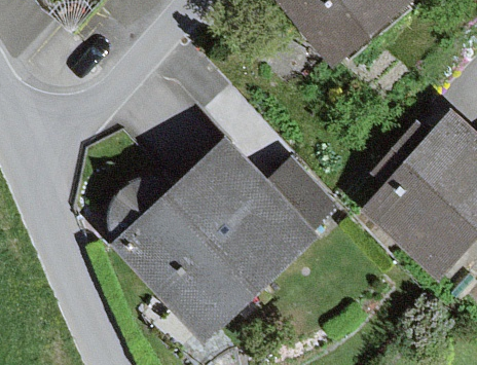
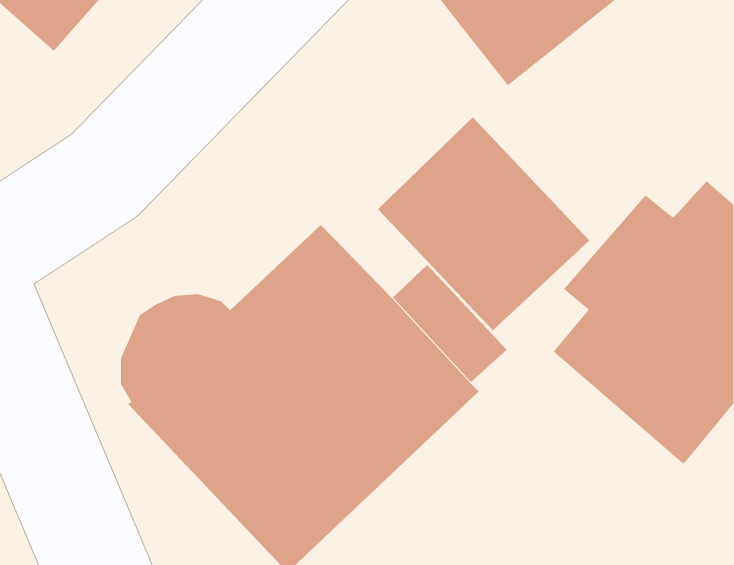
building: none -> [377,116,590,331]

